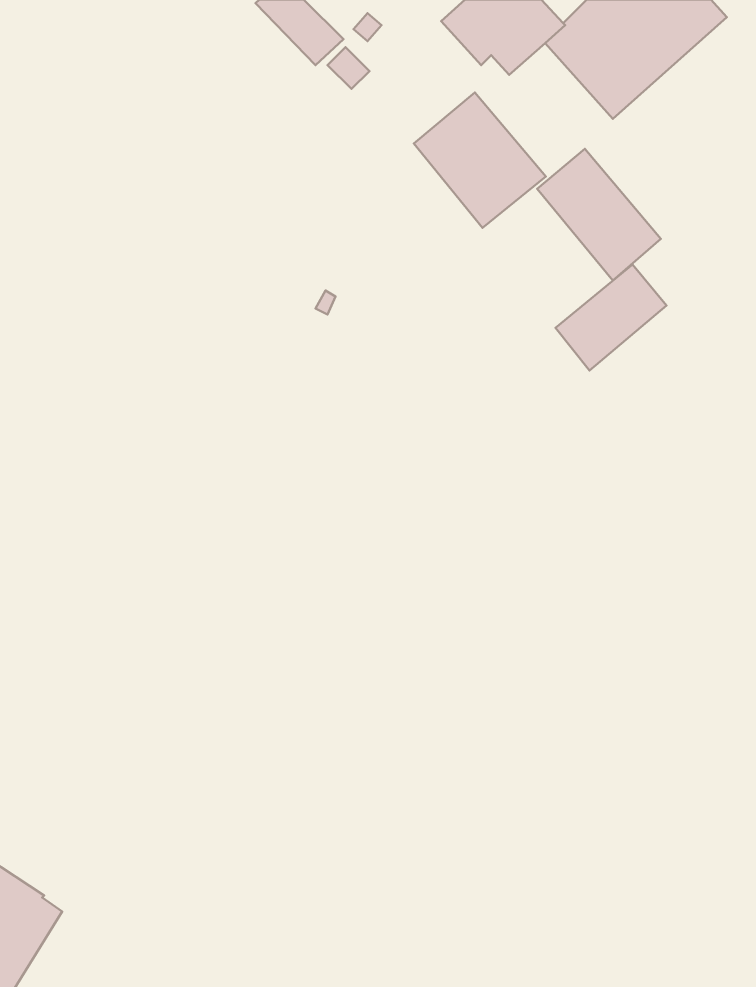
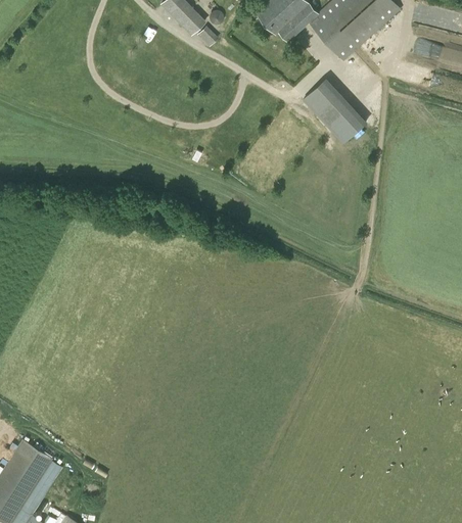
building: [414,92,546,228] -> none
building: [556,264,667,370] -> none

